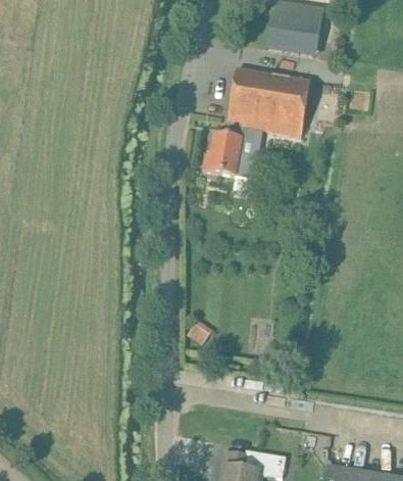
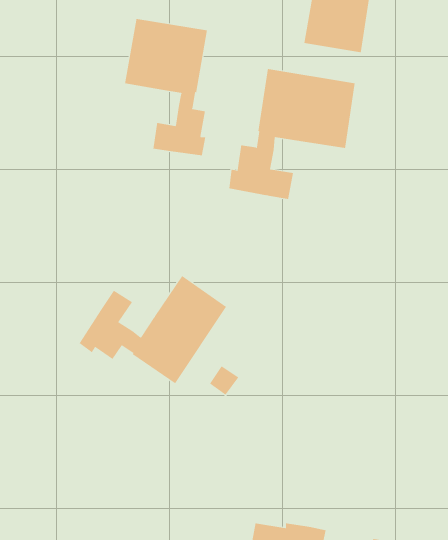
building: none -> [124,18,207,156]
building: none -> [79,275,227,384]

